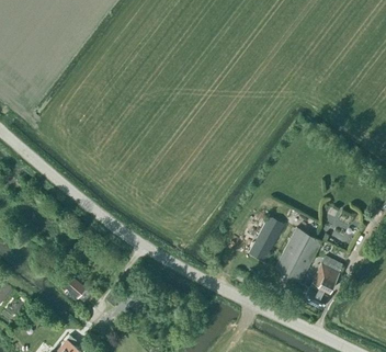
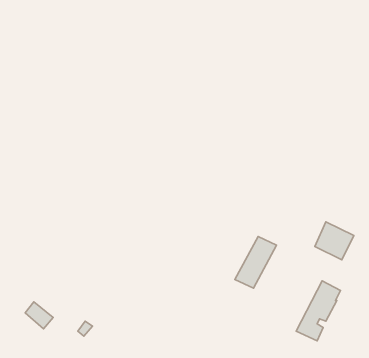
building: [274,228,321,282] -> none

